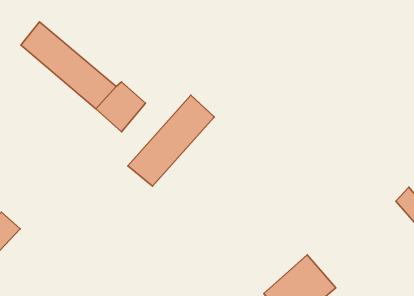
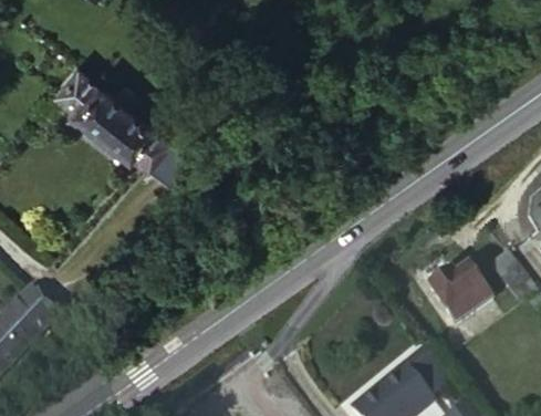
building: [128,95,214,186] -> none
building: none -> [430,271,496,327]

